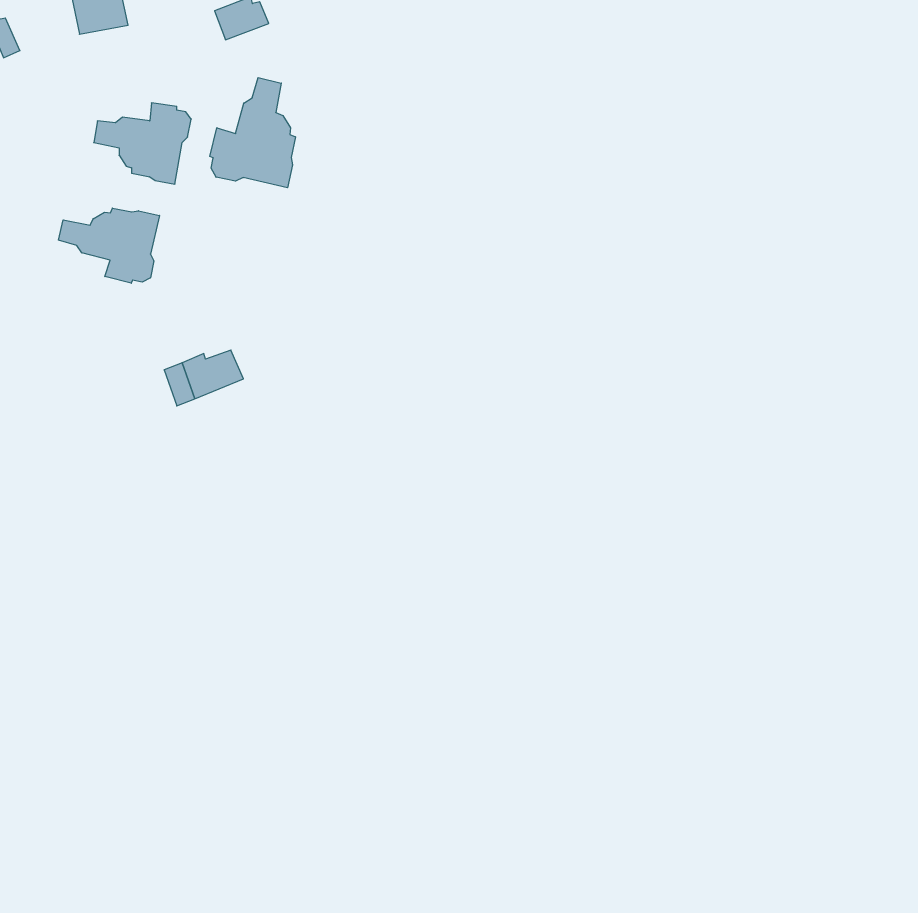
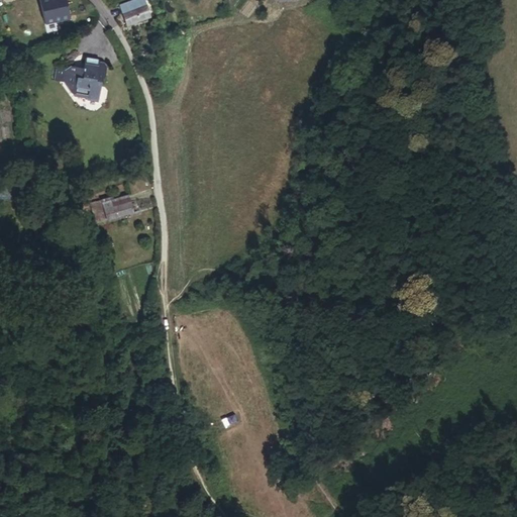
building: [210,78,295,188] -> none
building: [58,208,159,283] -> none

